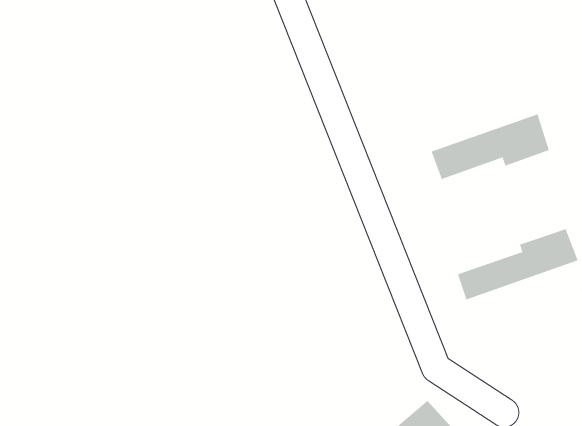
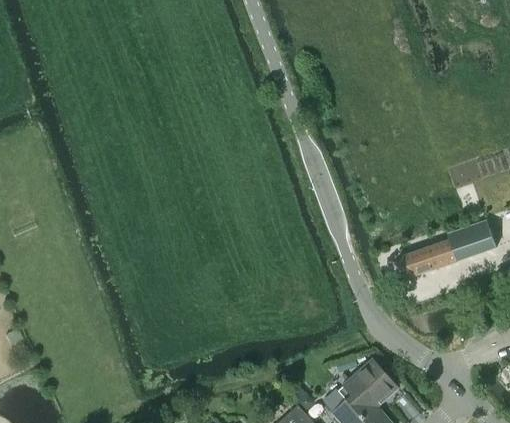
building: [431,114,550,180] -> none

